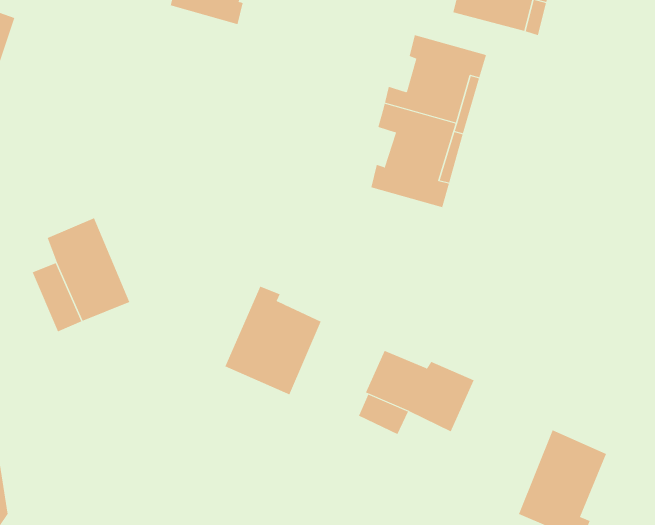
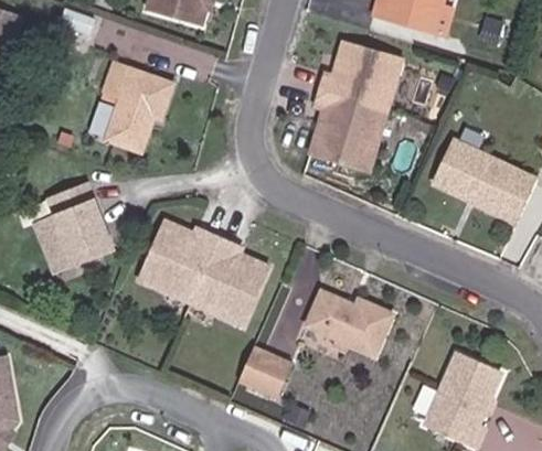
building: none -> [104,64,174,151]
building: none -> [438,140,531,218]
building: none -> [138,219,219,302]
building: none -> [237,345,291,398]

